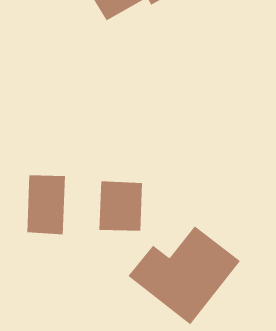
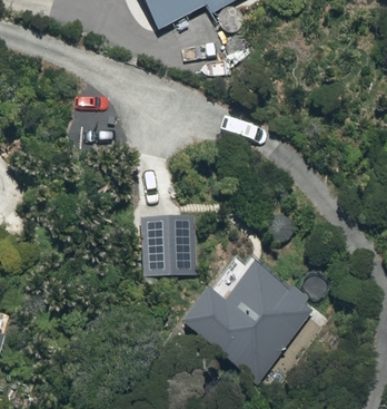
building: [27,174,65,235] -> none

